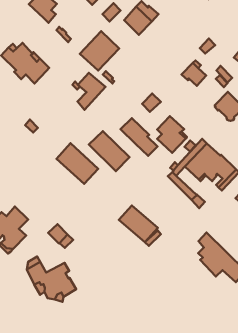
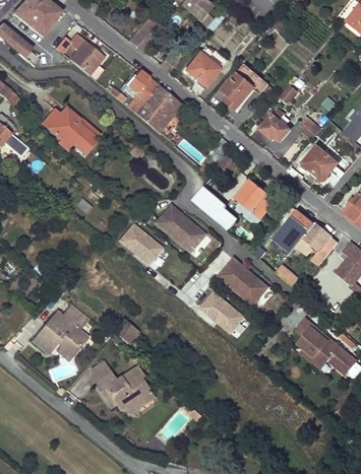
building: none -> [223,65,268,110]
building: [77,73,106,110] -> [126,70,160,115]
building: none -> [218,258,267,304]

